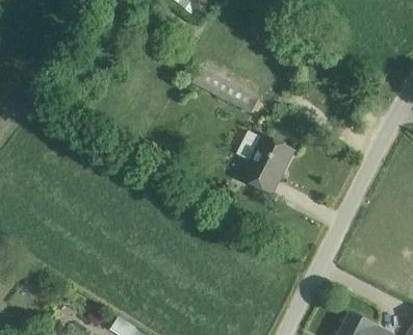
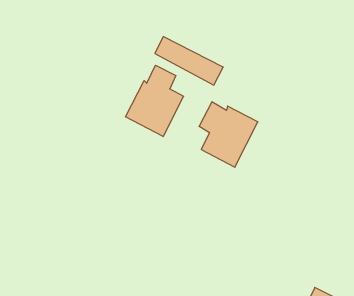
building: none -> [126,65,184,137]

